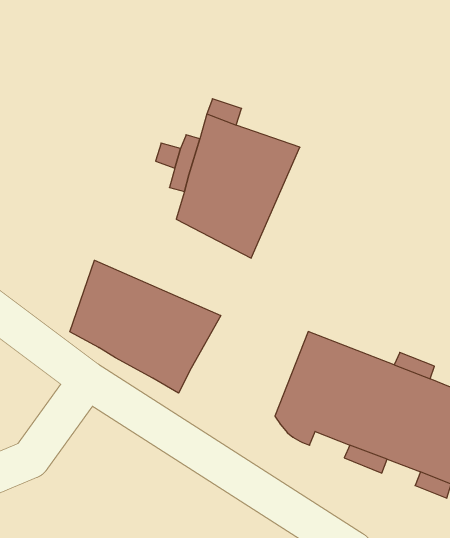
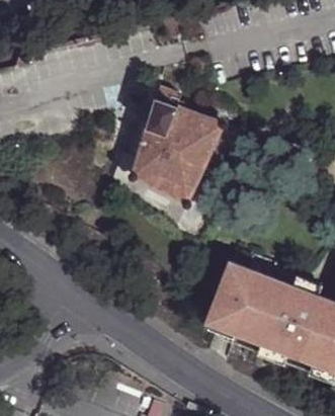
building: [70,260,221,393] -> none

